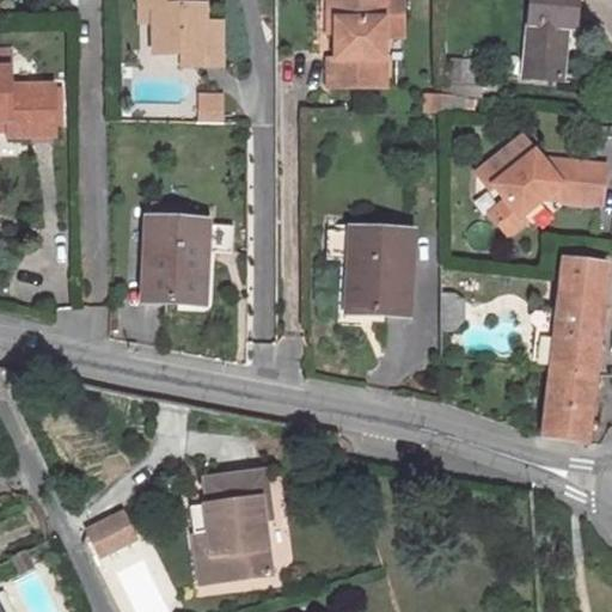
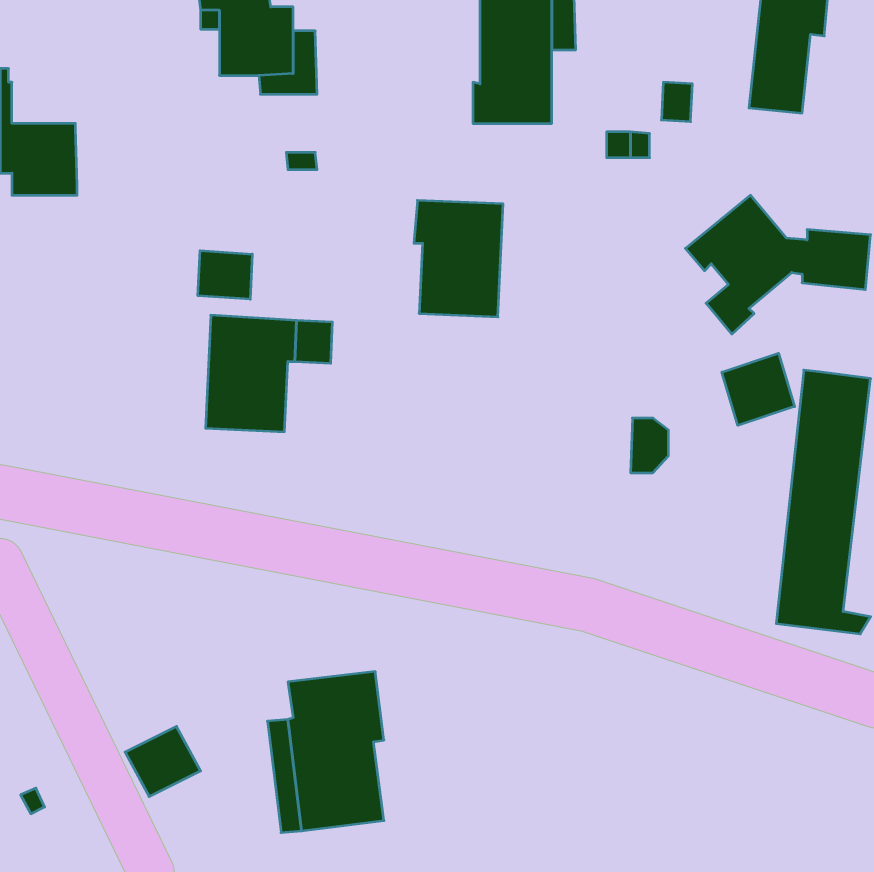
building: none -> [198,251,252,299]
building: [350,230,412,311] -> [414,200,503,317]
building: none -> [722,353,795,425]

